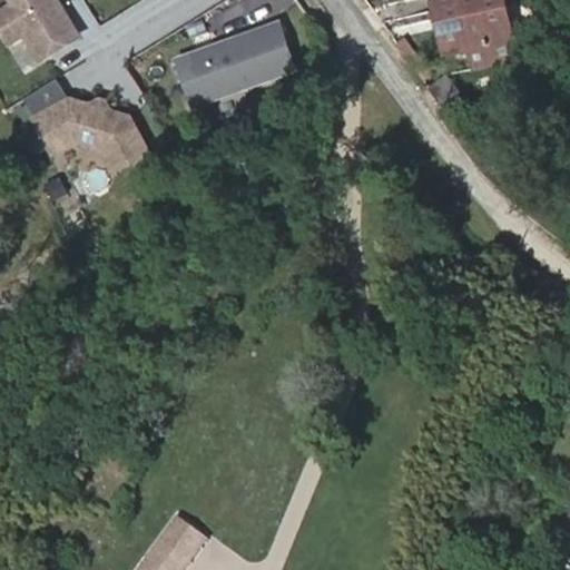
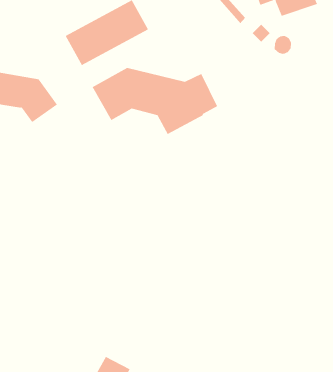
building: none -> [92,67,218,135]

